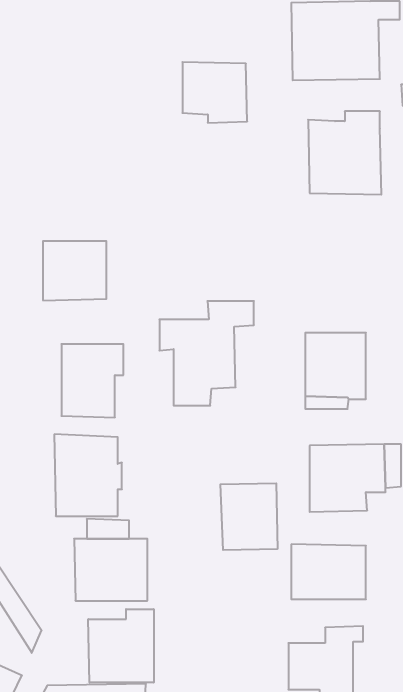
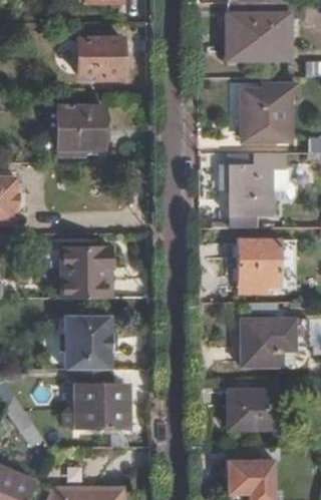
building: [182,62,247,123] -> [77,37,123,80]
building: [43,241,106,300] -> [58,106,103,148]
building: [159,301,254,406] -> [220,152,287,226]
building: [220,483,277,550] -> none
building: [88,609,154,683] -> none

